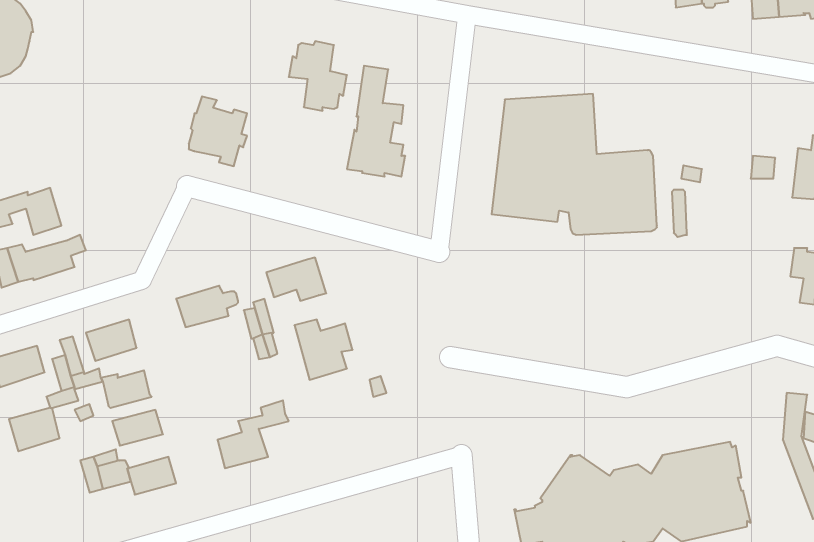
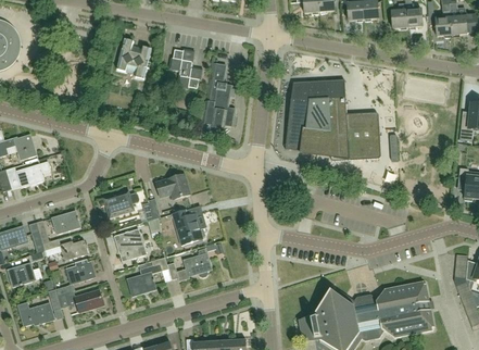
building: [189,96,247,166] -> [117,39,151,79]
building: none -> [114,228,143,261]
building: none -> [167,248,212,280]
building: none -> [17,301,54,326]

